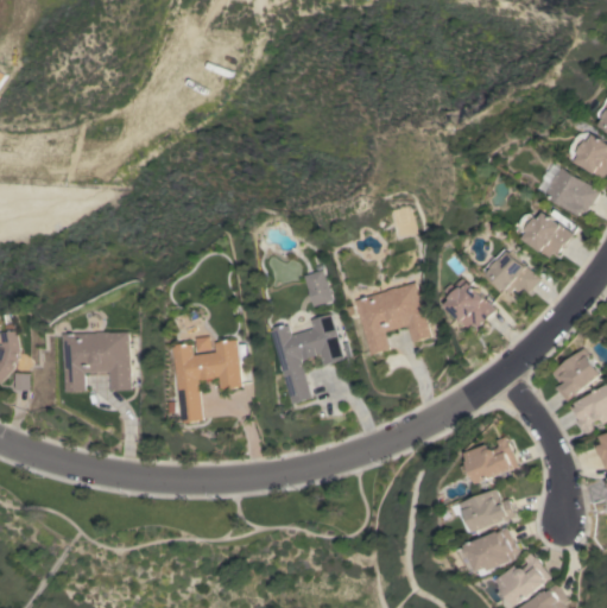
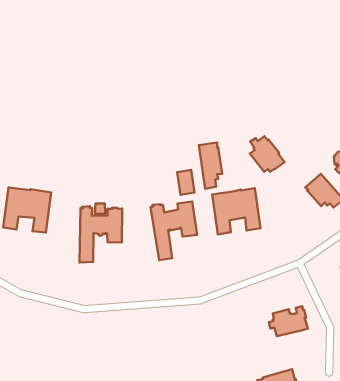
building: none -> [199,143,222,189]
building: [442,279,494,329] -> [250,136,284,172]
building: [454,489,513,533] -> none

